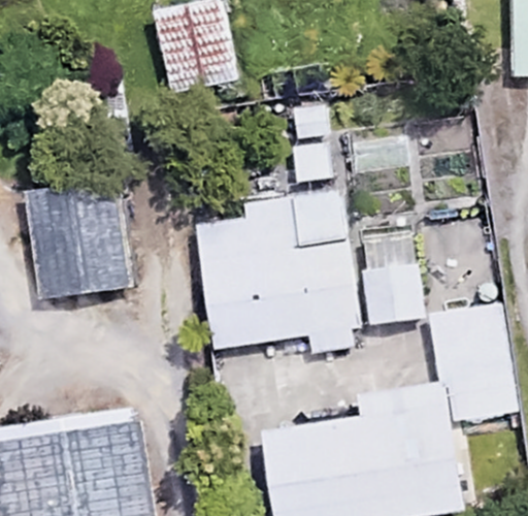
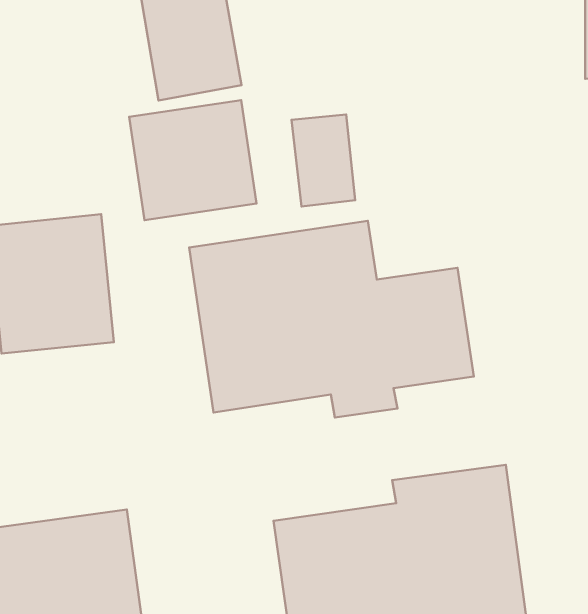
building: none -> [129,100,257,220]
building: [429,304,509,416] -> none

